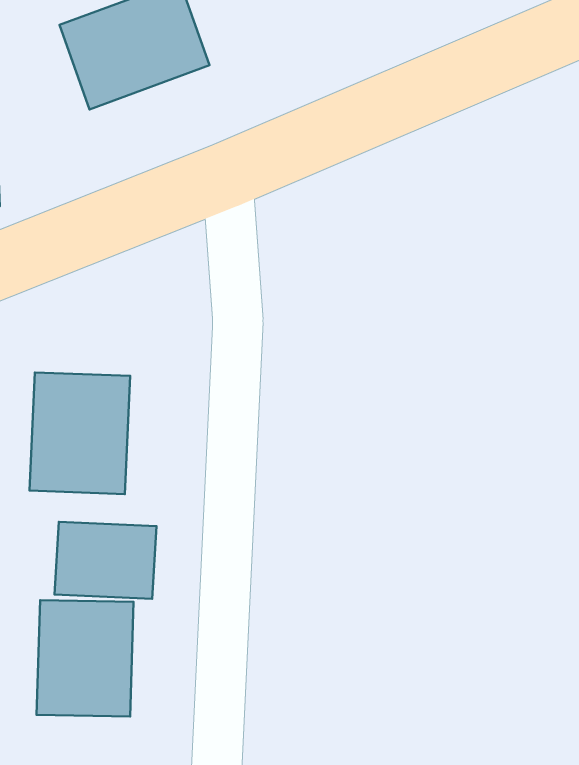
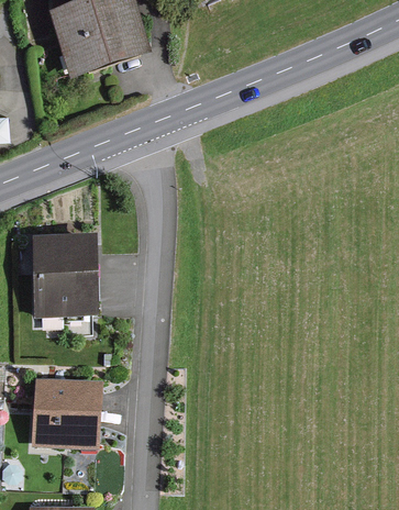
building: [55,522,156,599] -> none

